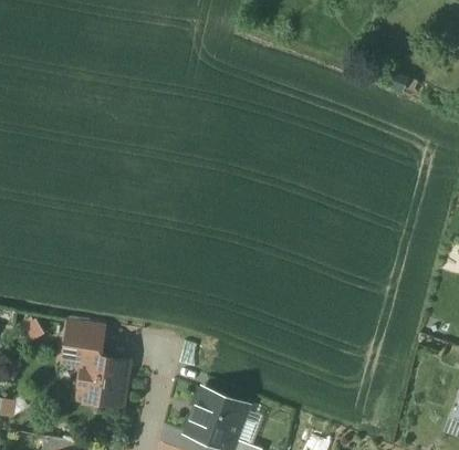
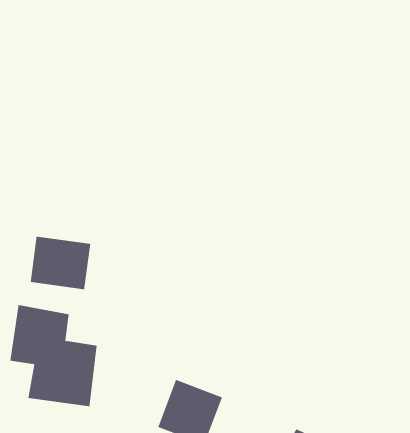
building: none -> [30,236,91,290]

